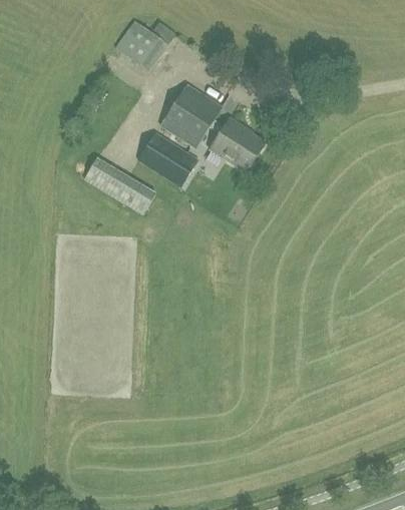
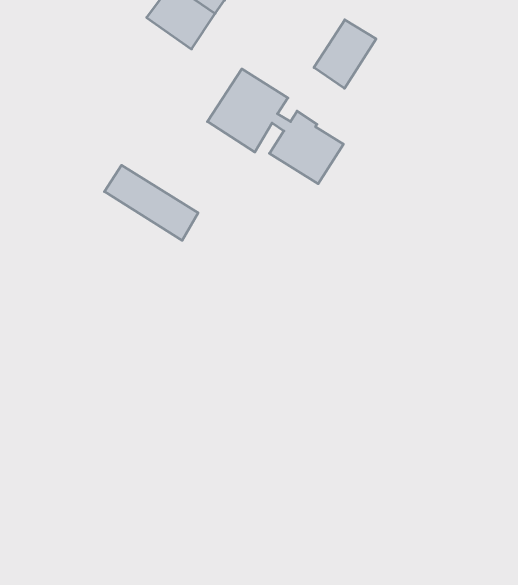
building: none -> [314,20,376,88]
building: [138,131,198,185] -> none

